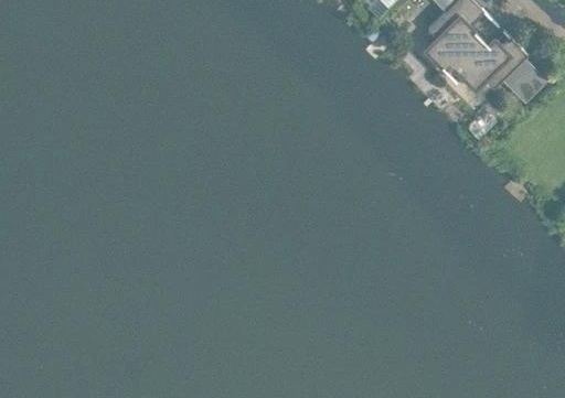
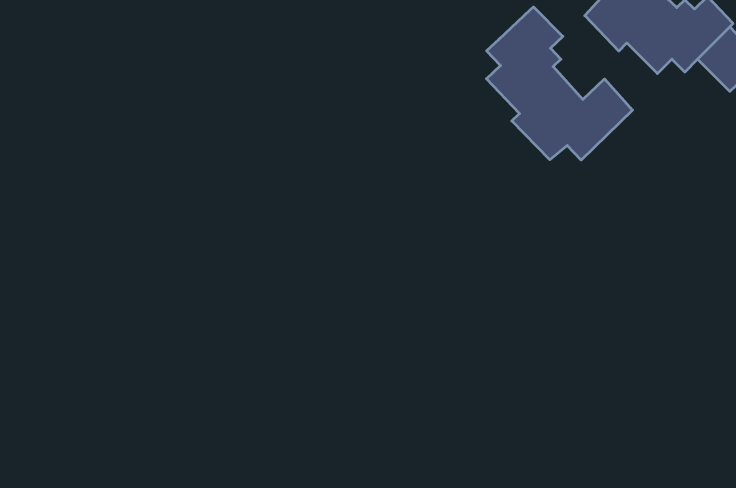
building: none -> [486,7,633,160]

